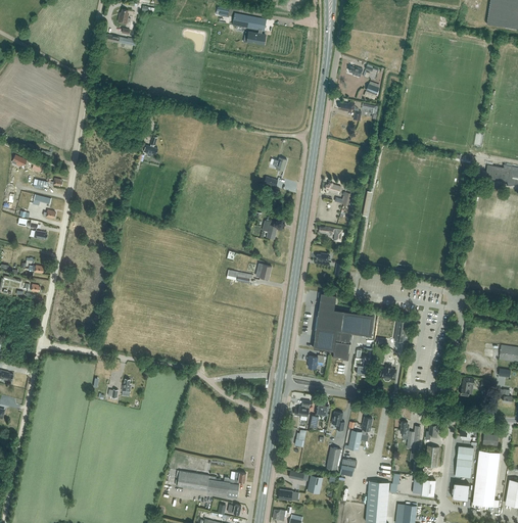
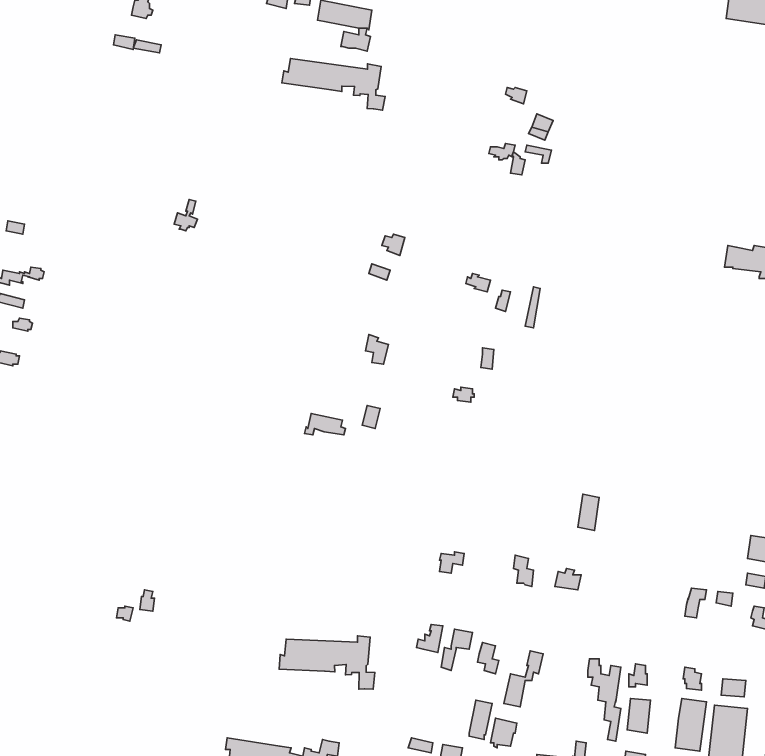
building: none -> [282,59,385,110]
building: [314,293,375,359] -> none
building: none -> [279,636,375,689]

